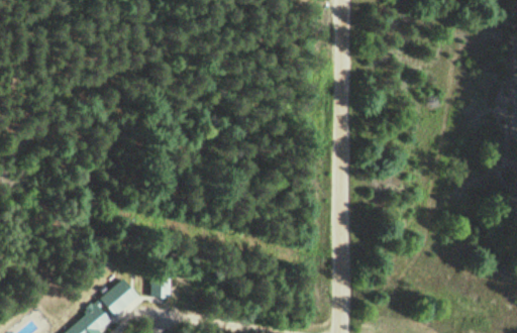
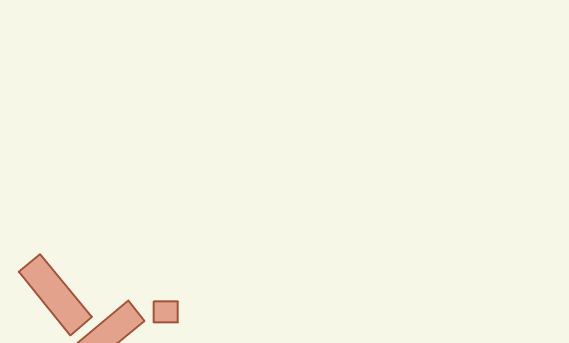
building: none -> [19,254,92,335]

